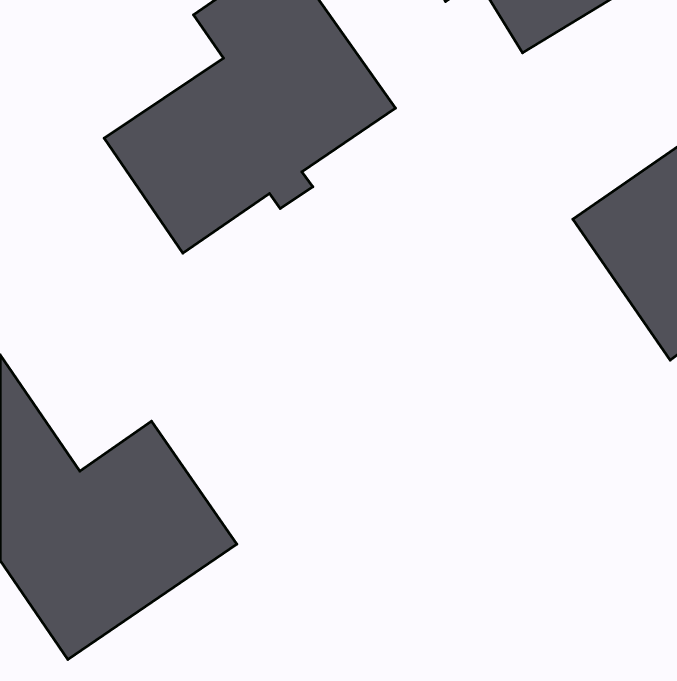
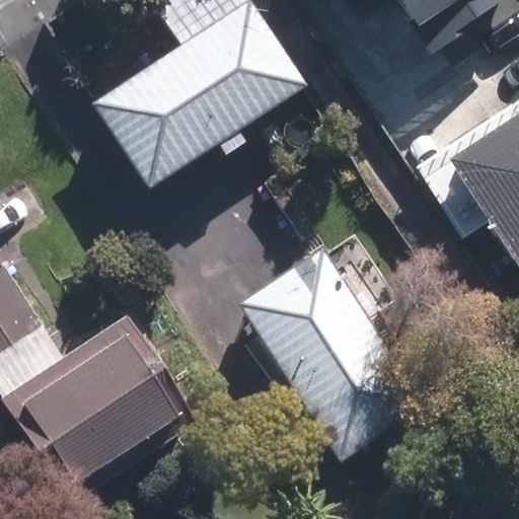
building: none -> [233,245,429,462]

